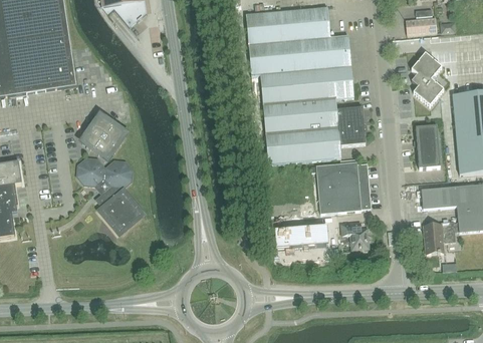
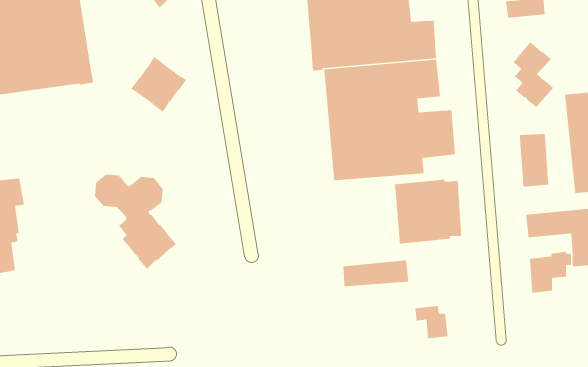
building: [80,114,126,159] -> [130,56,187,113]
building: [340,222,368,249] -> [414,305,448,339]

